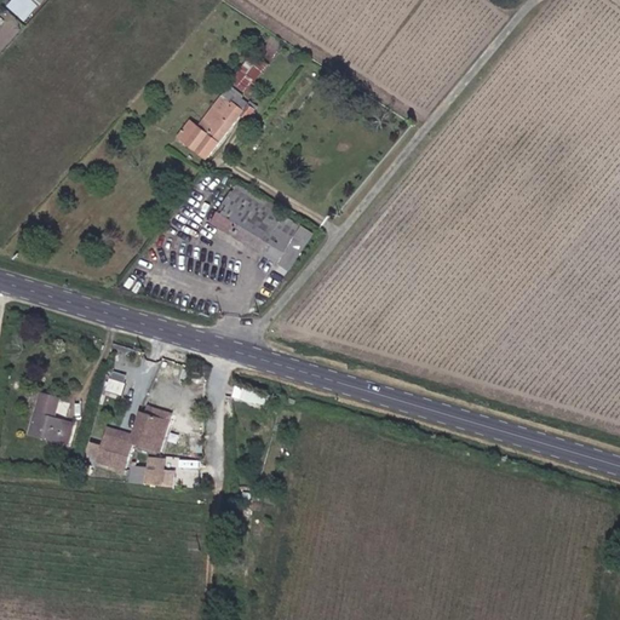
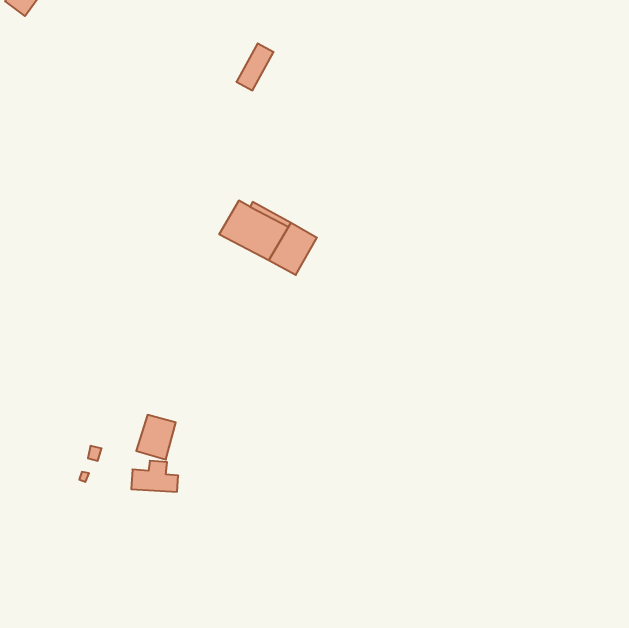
building: [180,97,253,165] -> none
building: [18,392,67,442] -> none
building: [98,434,132,471] -> none

